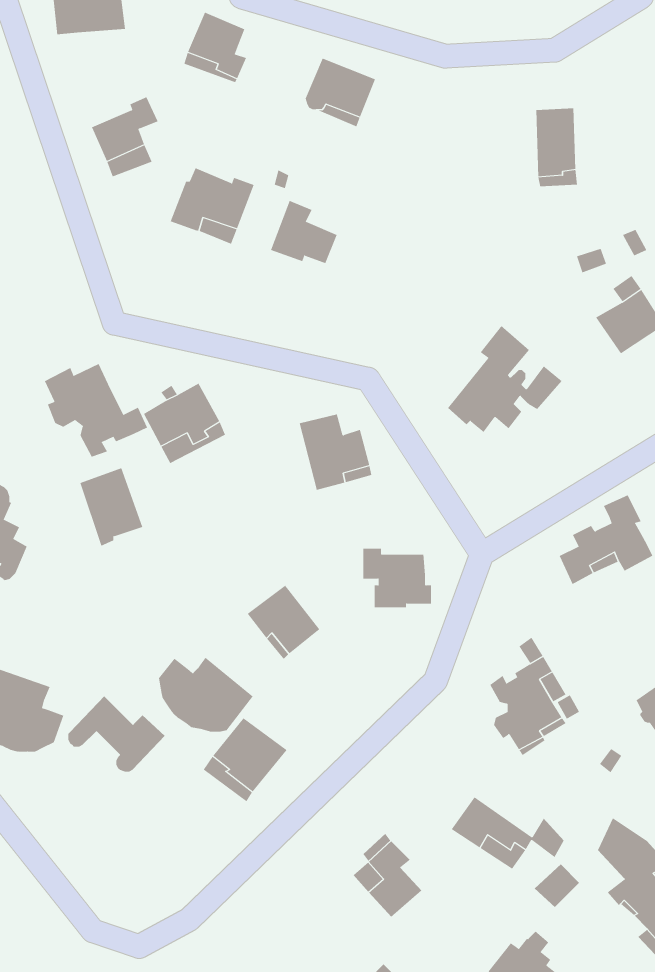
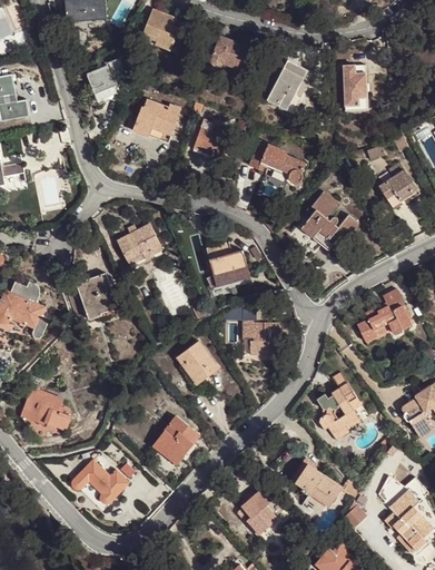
building: none -> [266,60,312,114]
building: none -> [248,140,304,184]
building: [44,363,148,458] -> none
building: [158,657,254,733] -> none
building: [68,695,166,772] -> [71,460,128,504]

